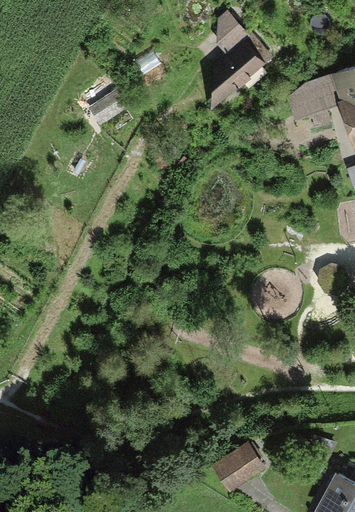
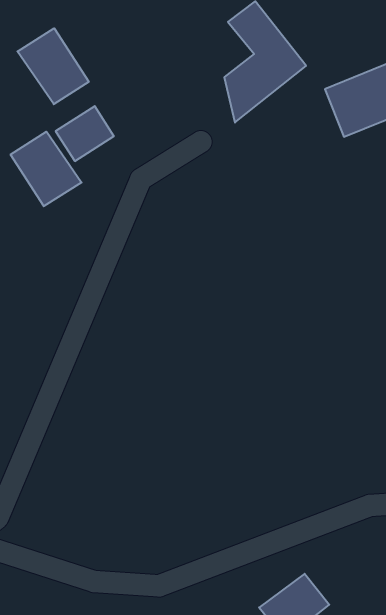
building: none -> [17,28,89,104]
building: none -> [11,132,82,206]

